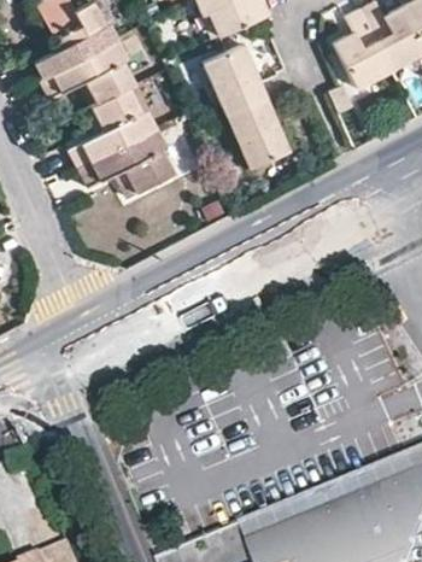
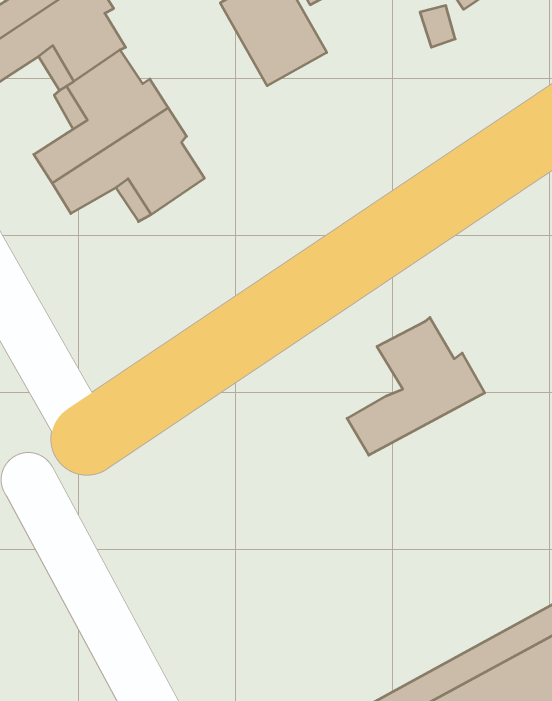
building: [224,104,286,174] -> none
building: none -> [347,317,485,455]

